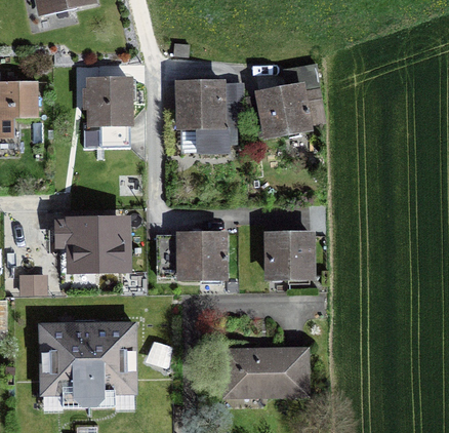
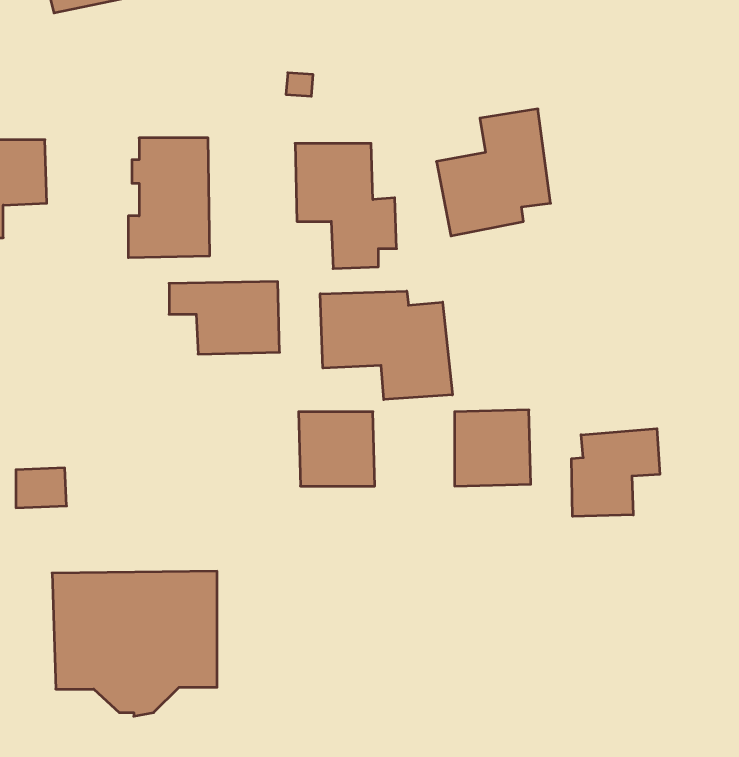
building: none -> [320,291,452,400]
building: [58,224,121,265] -> [169,282,280,354]
building: none -> [572,429,660,516]
building: [222,349,307,397] -> none

